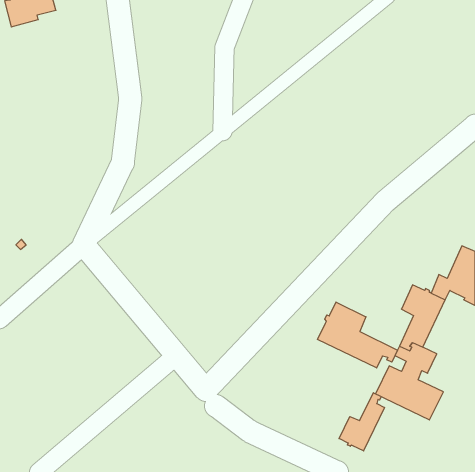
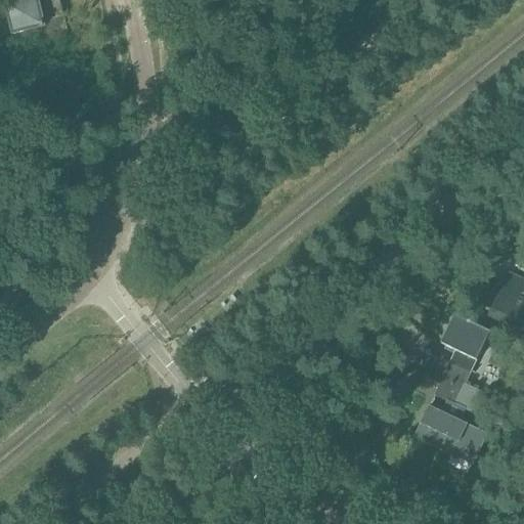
building: [317,302,398,368] -> none
building: [339,393,384,451] -> none

